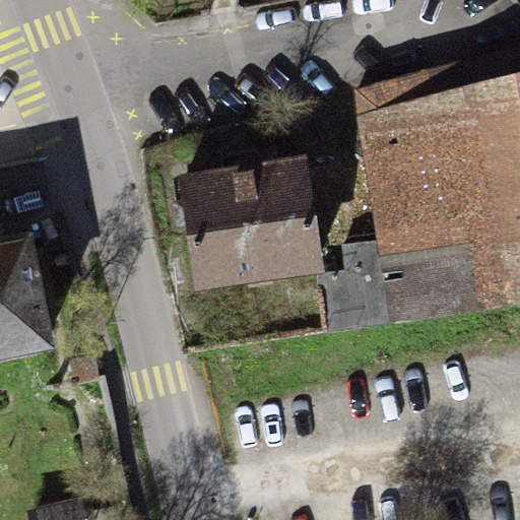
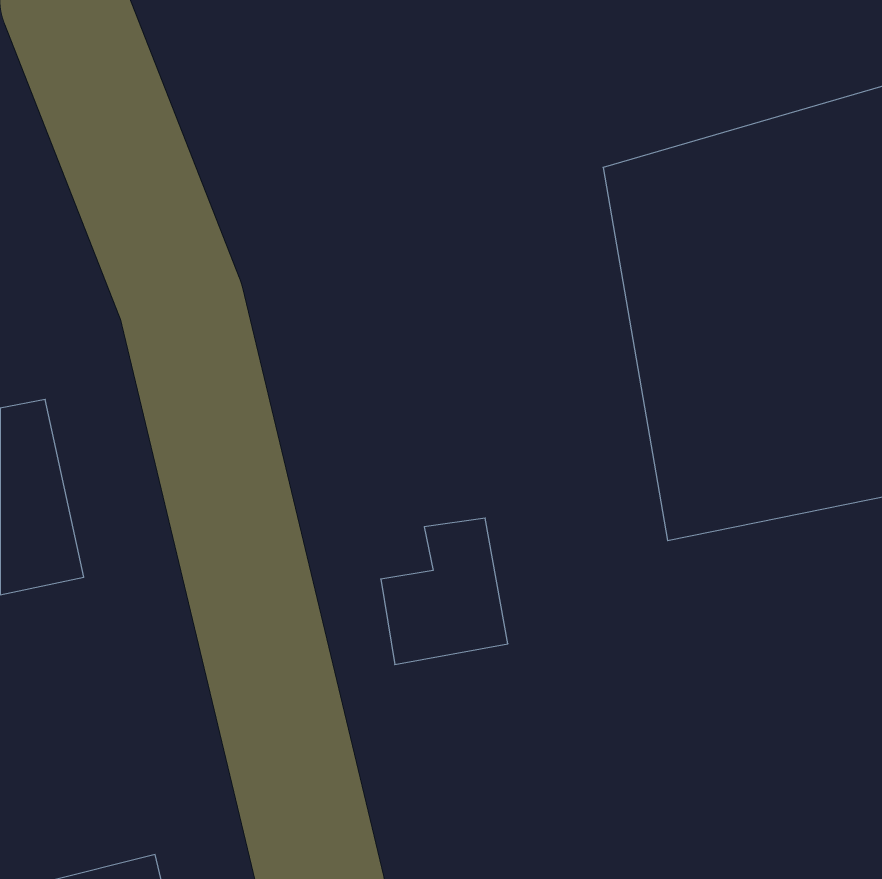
building: [168,166,316,283] -> none
building: [320,249,394,334] -> [381,518,508,665]

